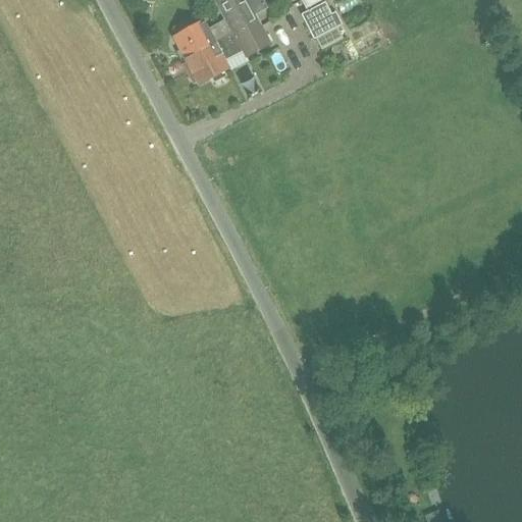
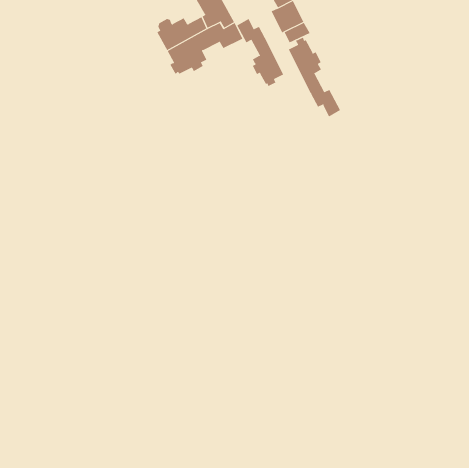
building: none -> [236,18,284,87]
building: none -> [288,37,341,118]

